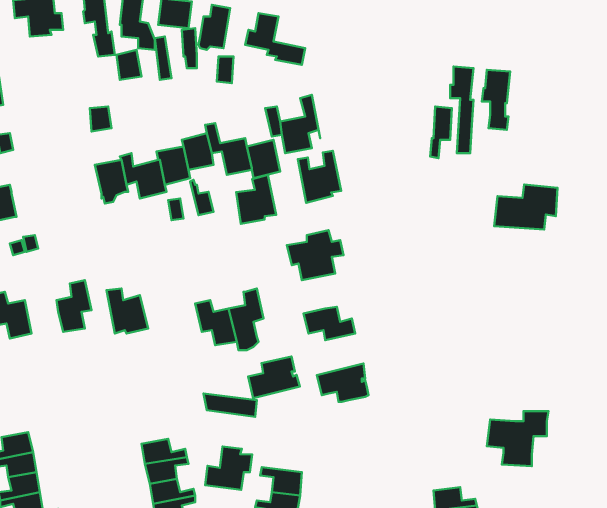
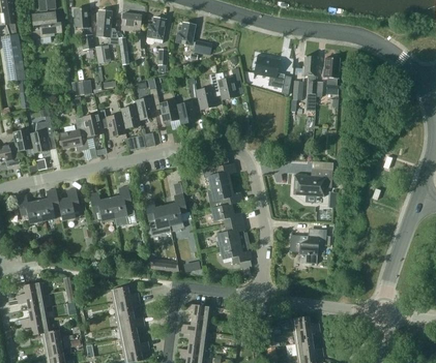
building: none -> [254,54,285,88]
building: [298,151,341,203] -> [216,67,243,99]
building: none -> [59,116,89,151]
building: none -> [30,121,54,153]
building: [236,175,276,224] -> none
building: [494,184,557,230] -> [293,168,332,195]
building: none -> [210,183,243,205]
building: none -> [110,185,135,226]
building: none -> [38,188,59,220]
building: [248,357,300,398] -> [216,220,249,246]
building: [487,411,549,466] -> [289,229,327,263]
building: [205,447,252,490] -> none

